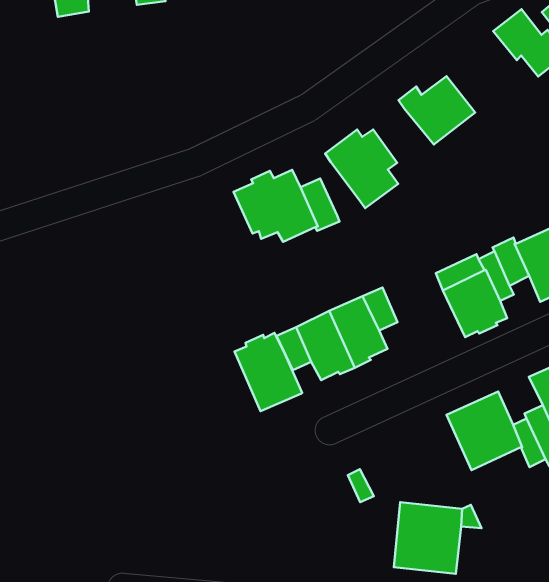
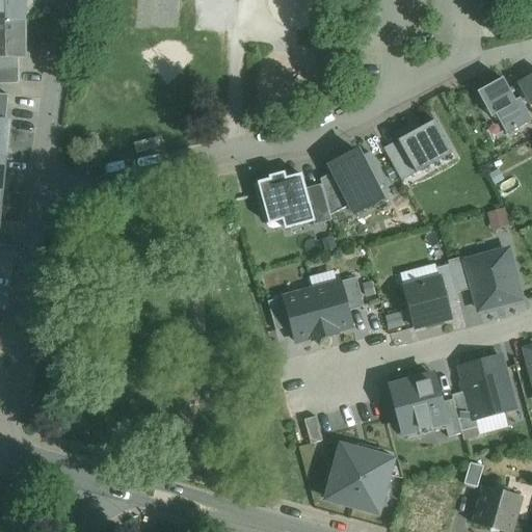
building: none -> [383,138,416,179]
building: none -> [320,170,349,213]
building: [234,333,302,411] -> none

